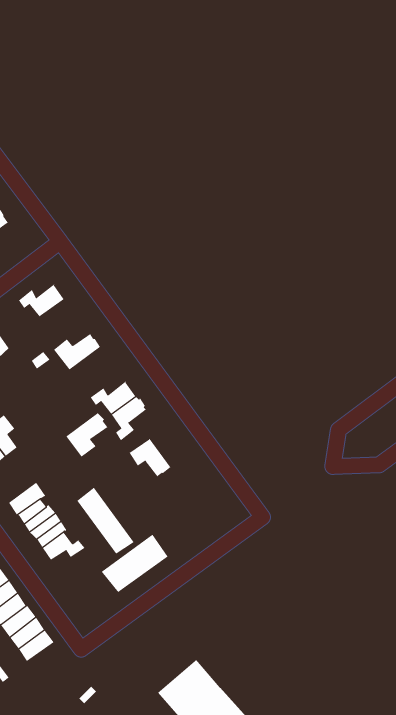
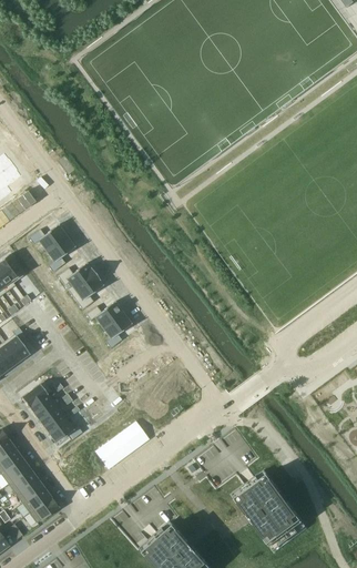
building: none -> [45,237,74,272]
building: [66,413,109,458] -> [69,275,103,311]
building: [129,438,171,478] -> none
building: [77,487,135,554] -> none
building: none -> [231,470,307,554]

